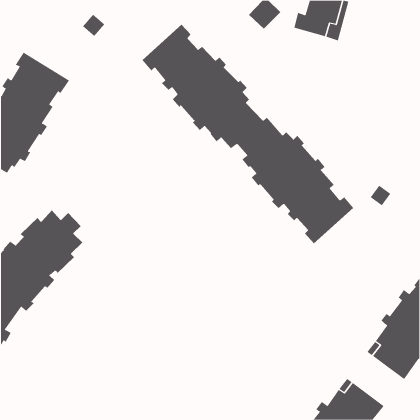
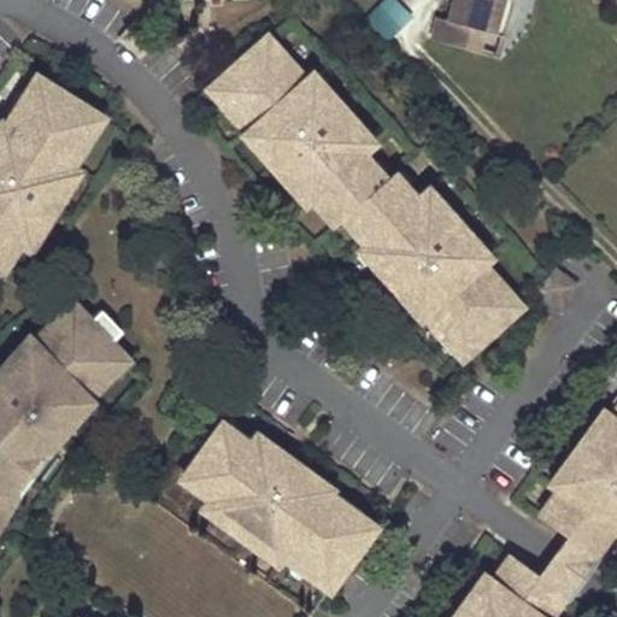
building: none -> [187,422,375,590]
building: none -> [536,536,597,598]

